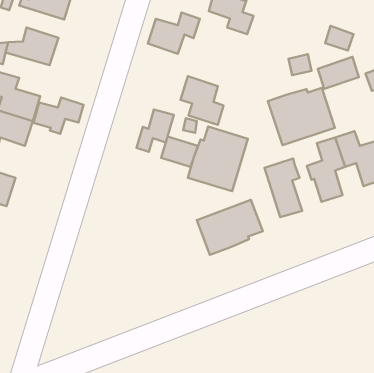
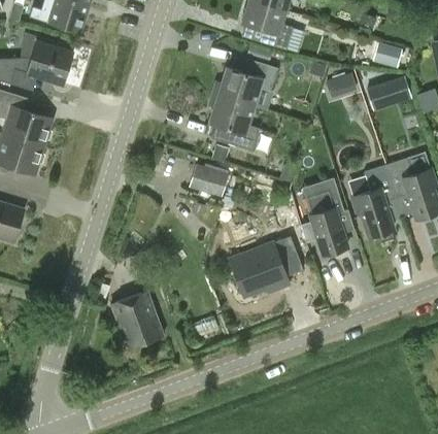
building: [148,12,200,54] -> [218,61,277,107]
building: [268,88,335,145] -> none
building: [33,98,83,134] -> none
building: [136,109,174,152] -> none
building: [188,126,248,191] -> none
building: none -> [110,291,164,348]

